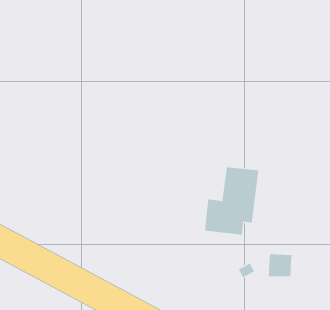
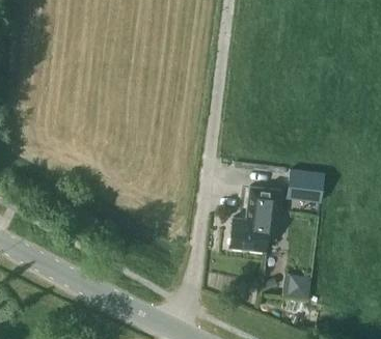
building: none -> [285,172,324,206]

